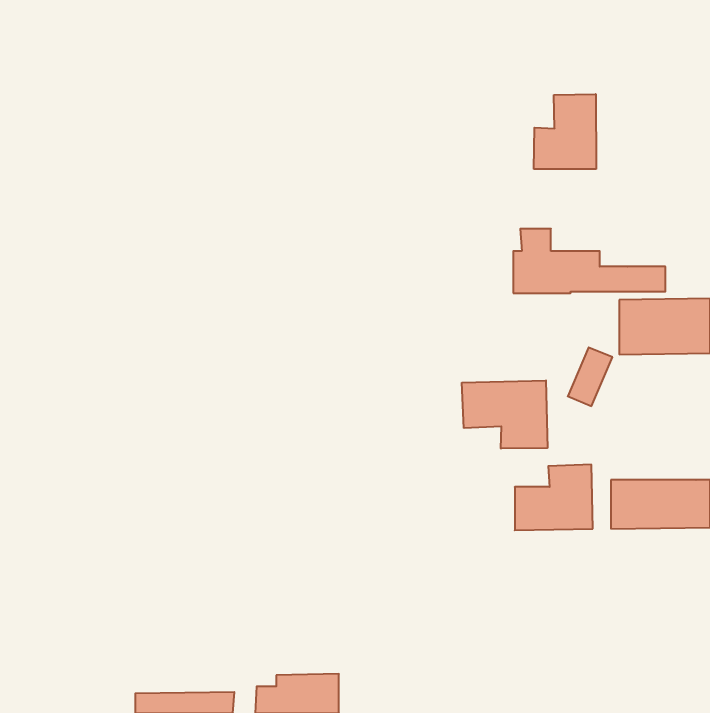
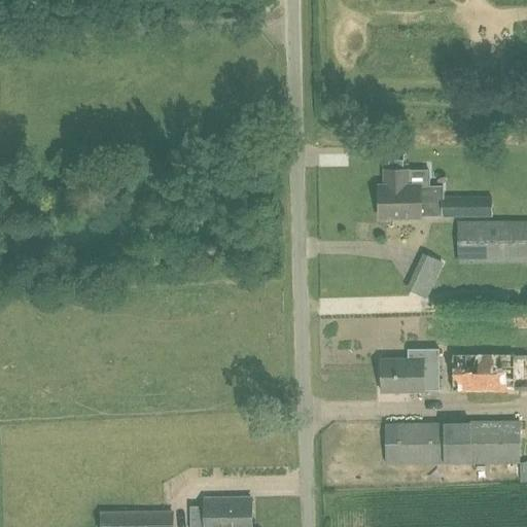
building: [534,94,596,169] -> none
building: [462,380,547,449] -> none
building: none -> [384,421,519,463]

